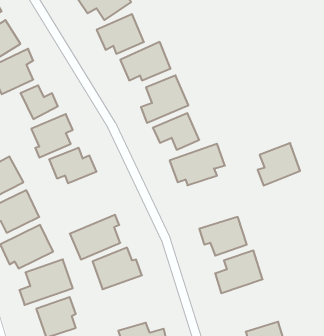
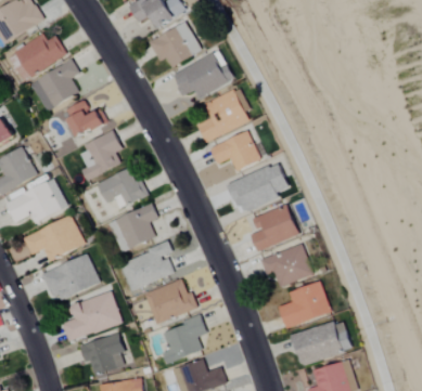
building: [258,143,300,186] -> [251,205,297,251]
building: none -> [113,203,157,250]
building: none -> [162,317,206,363]
building: none -> [291,320,350,364]

